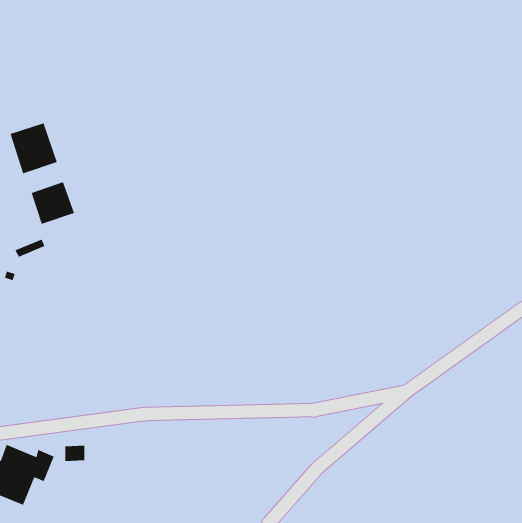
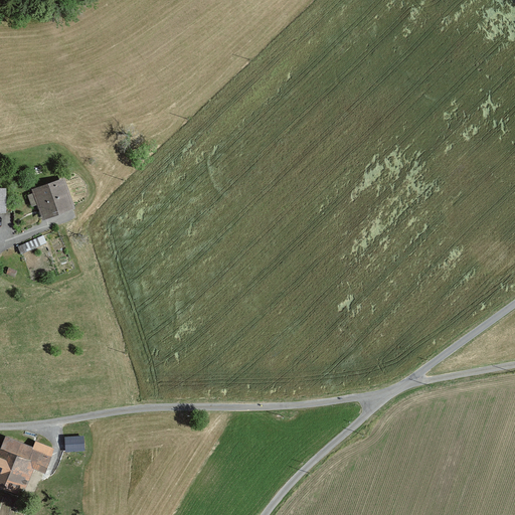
building: [10,123,58,174] -> none

